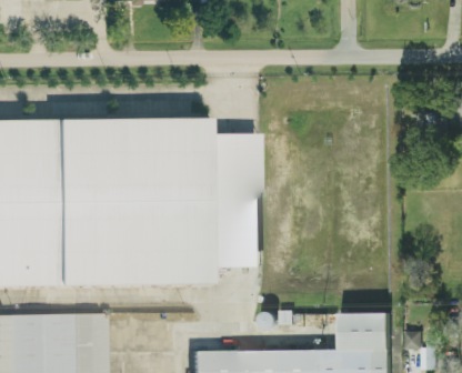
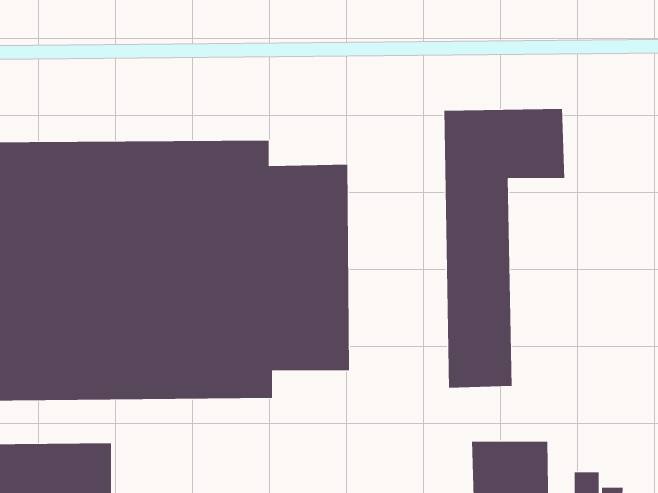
building: none -> [444,108,565,389]

